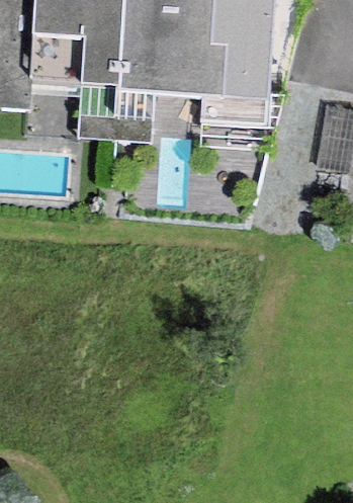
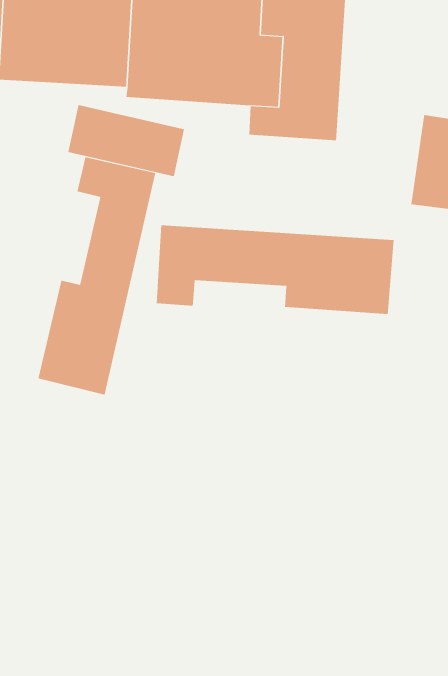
building: none -> [38,157,156,395]
building: none -> [156,225,394,315]

